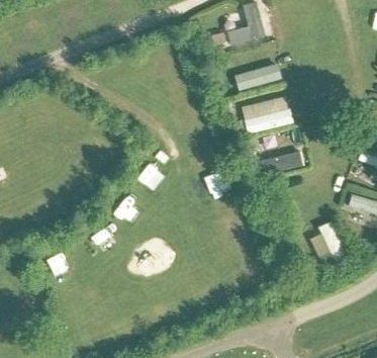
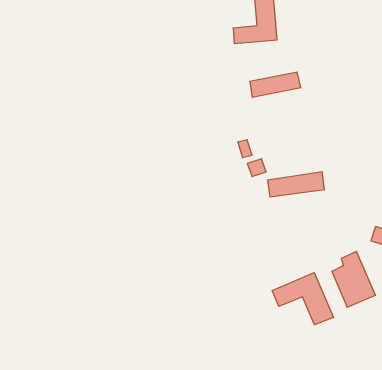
building: [240,95,293,133] -> none
building: none -> [272,273,334,325]

